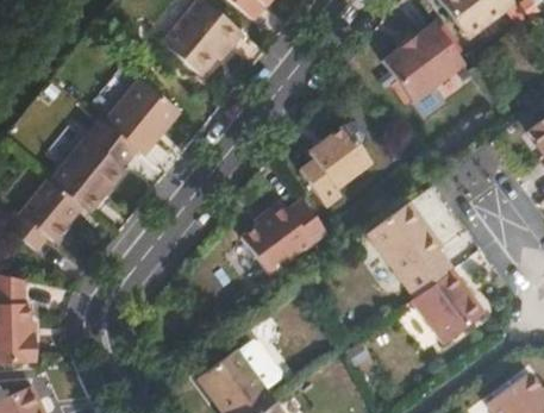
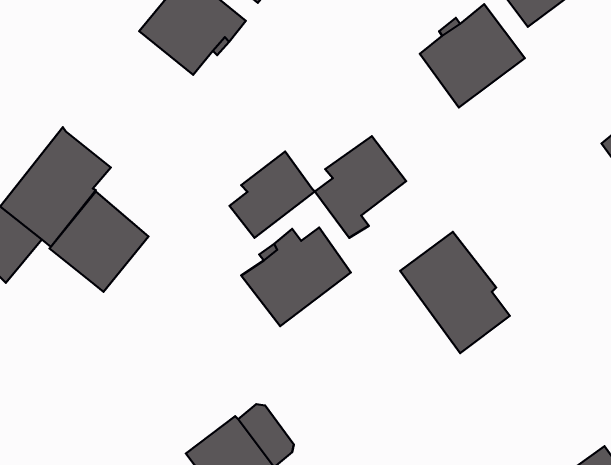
building: [101,76,180,156] -> [49,192,149,292]
building: none -> [230,151,315,238]
building: [411,268,486,343] -> none

